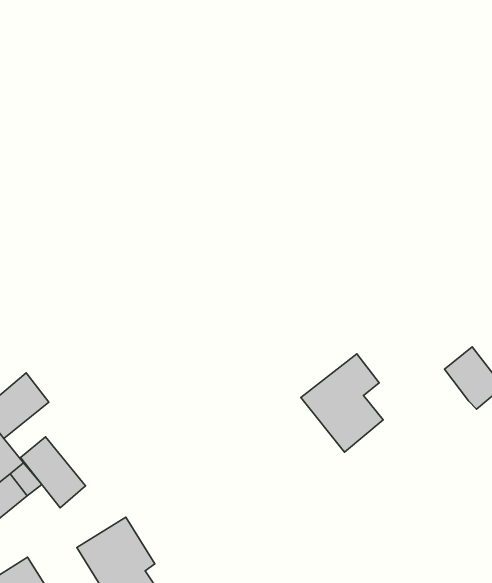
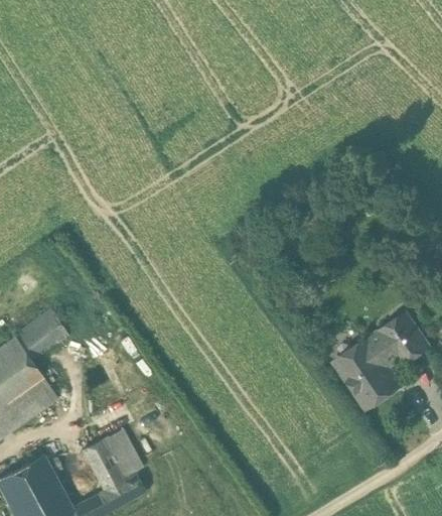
building: [301,354,383,452] -> [336,333,400,409]
building: [20,437,86,508] -> none

